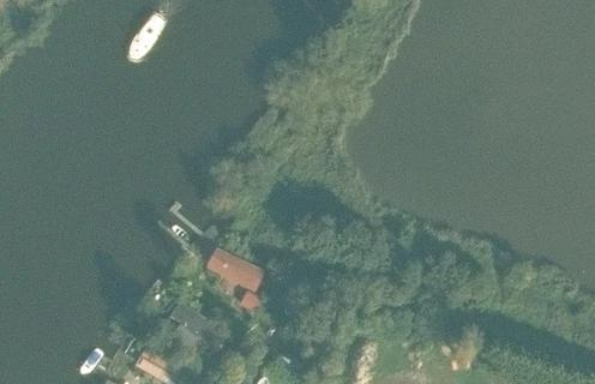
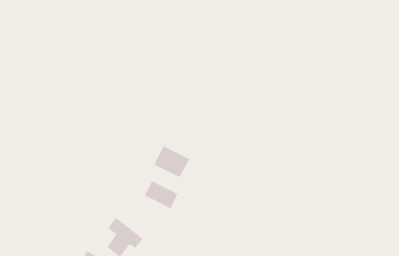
building: none -> [154,146,190,178]

